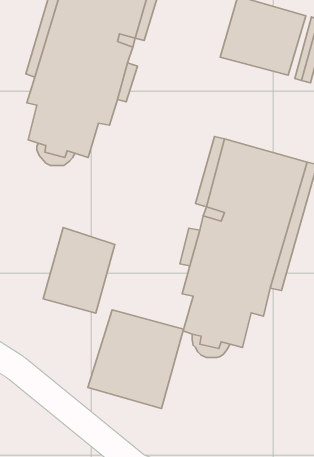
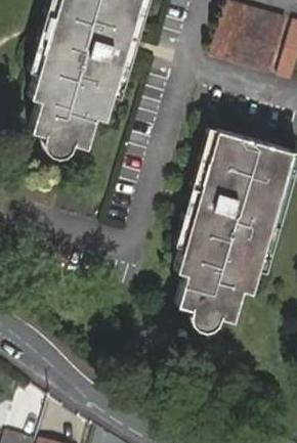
building: [43,228,115,313] -> none
building: [88,310,184,408] -> none

